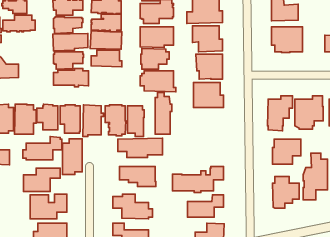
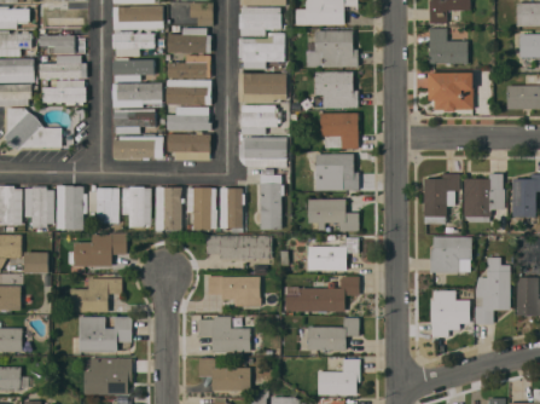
building: none -> [42,80,86,105]
building: none -> [168,132,210,160]
building: none -> [307,198,358,231]
building: [62,139,82,175] -> none
building: none -> [307,237,358,270]

